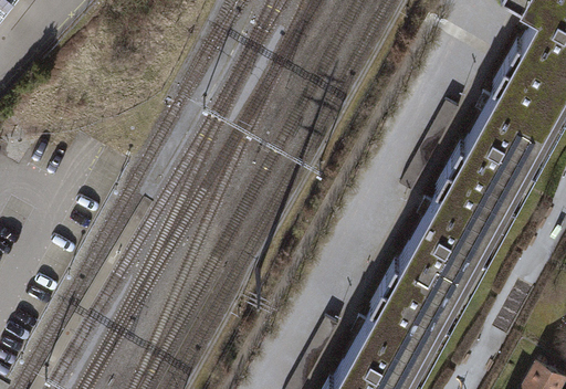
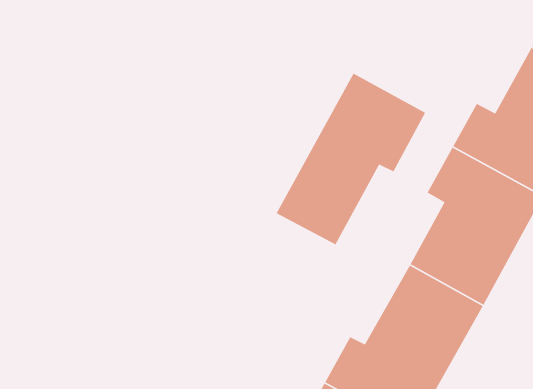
building: none -> [276,73,426,246]

